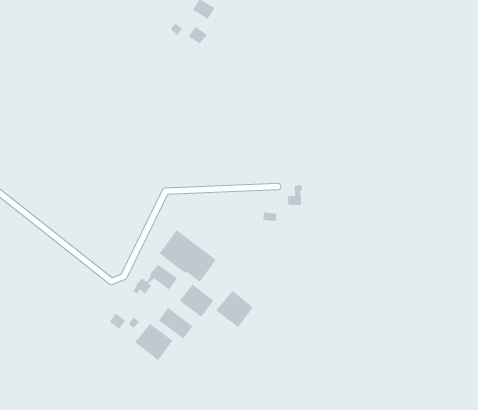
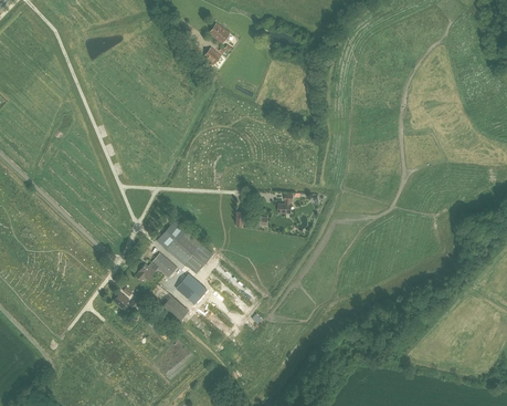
building: [215,290,254,328] -> none
building: [134,323,174,361] -> none

